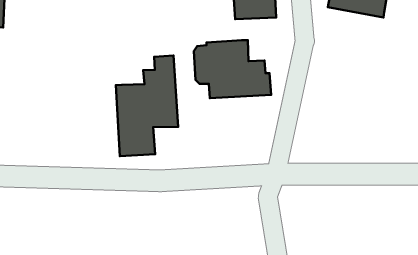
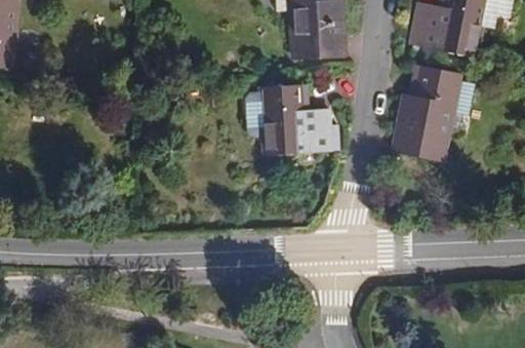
building: none -> [393,65,460,160]
building: [116,55,178,156] -> none

